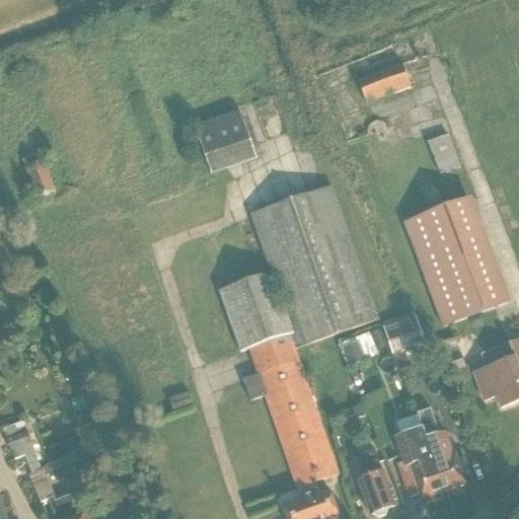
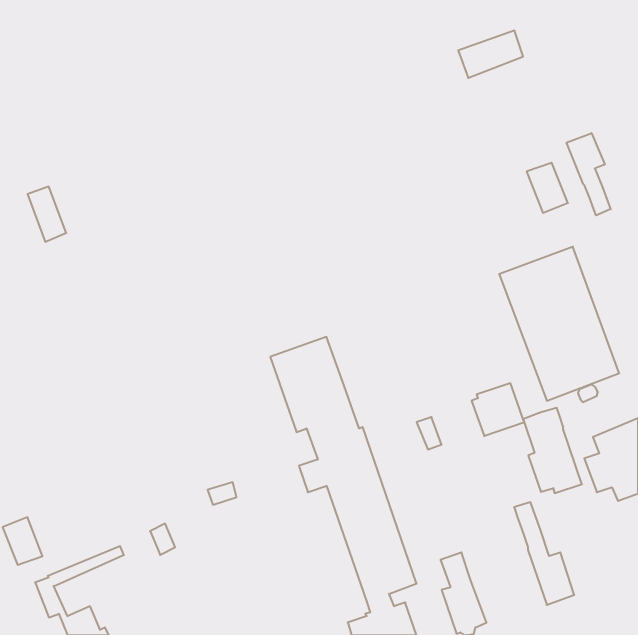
building: [357,62,410,100] -> [458,30,523,78]
building: [195,107,256,170] -> none
building: none -> [567,133,611,215]
building: [250,184,378,347] -> none
building: [395,428,443,497] -> [523,408,582,493]

